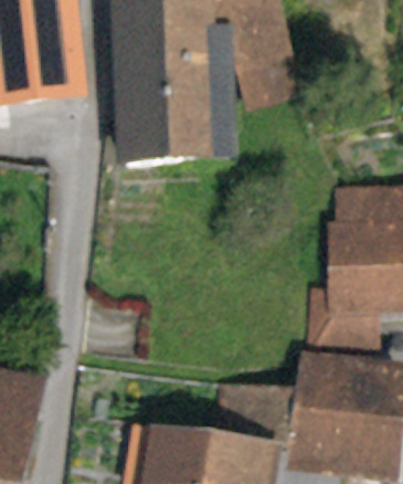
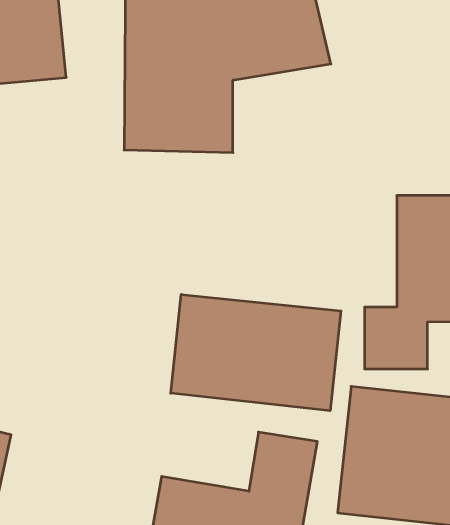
building: none -> [171,294,341,411]

